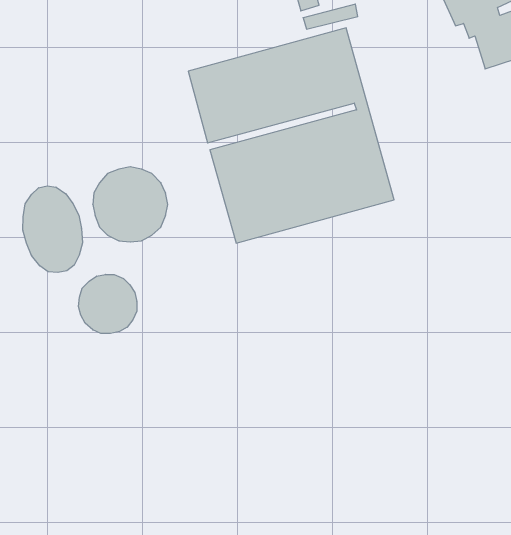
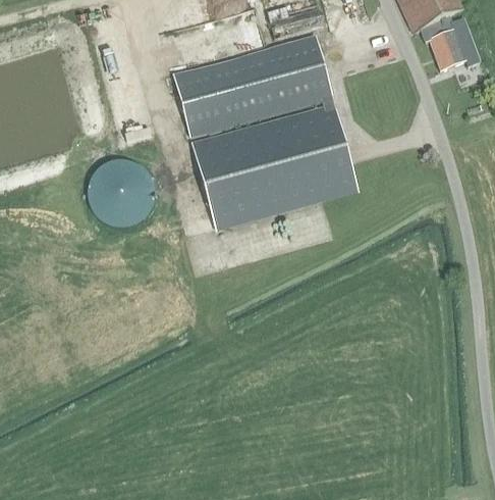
building: [23,186,83,272] -> none
building: [78,274,137,333] -> none

